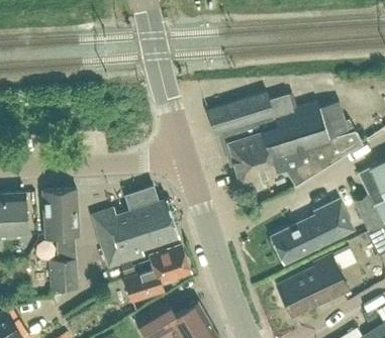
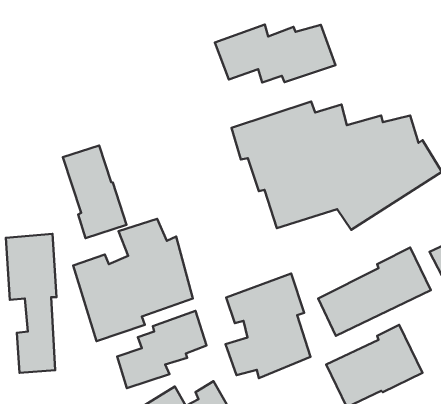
building: none -> [215,24,335,83]
building: none -> [63,146,127,238]
building: none -> [225,274,311,378]

